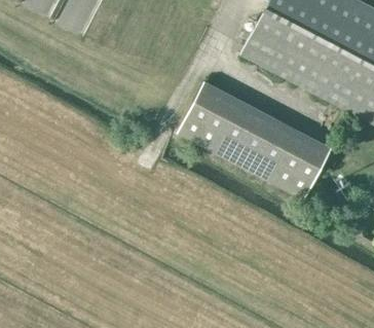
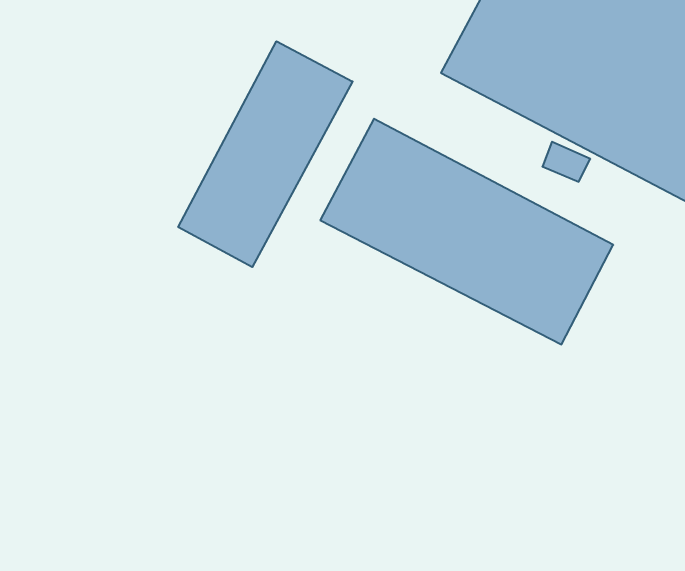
building: none -> [178,41,353,267]

